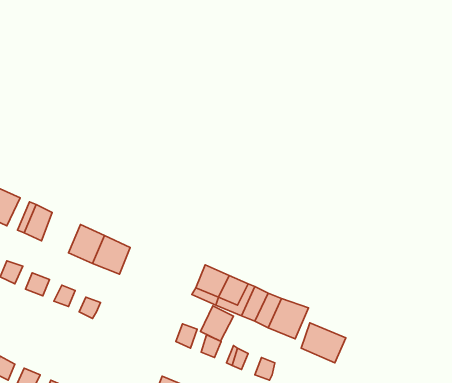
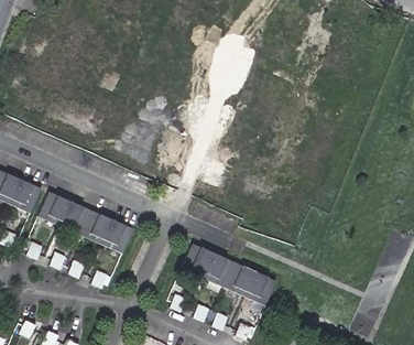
building: none -> [58,201,90,234]
building: [201,306,234,341] -> none
building: [301,323,346,363] -> none

